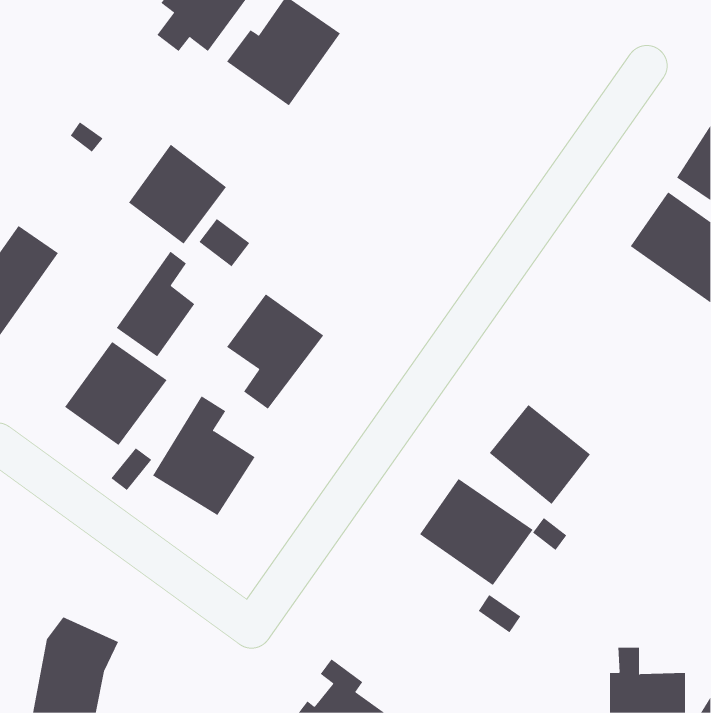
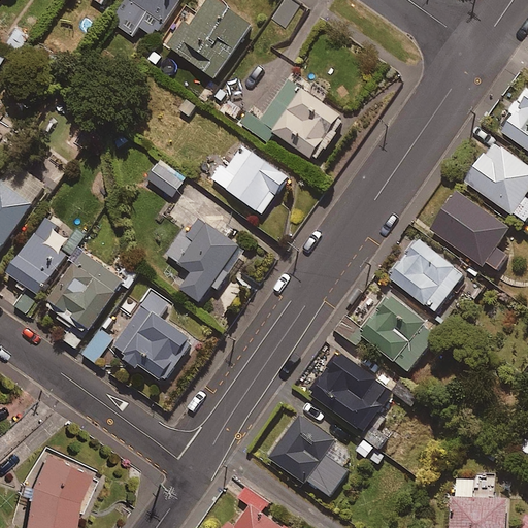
building: none -> [240,79,345,162]
building: [128,144,227,245] -> none
building: none -> [210,145,288,214]
building: [116,251,195,357] -> [6,217,65,295]
building: none -> [431,193,509,273]
building: none -> [388,238,463,312]
building: none -> [268,415,353,500]

